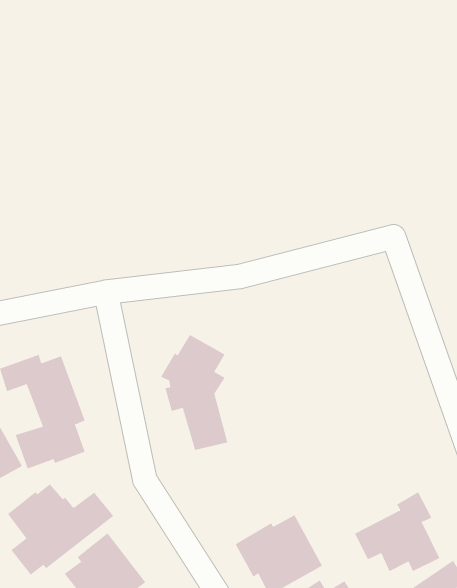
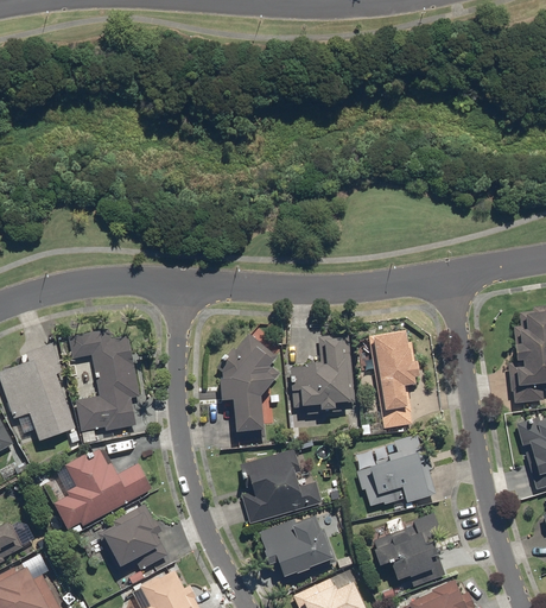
building: none -> [369,329,419,429]
building: none -> [287,334,356,411]
building: none -> [356,433,437,507]
building: none -> [240,448,324,524]

